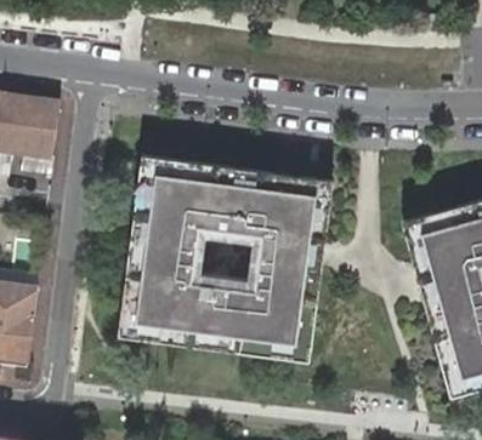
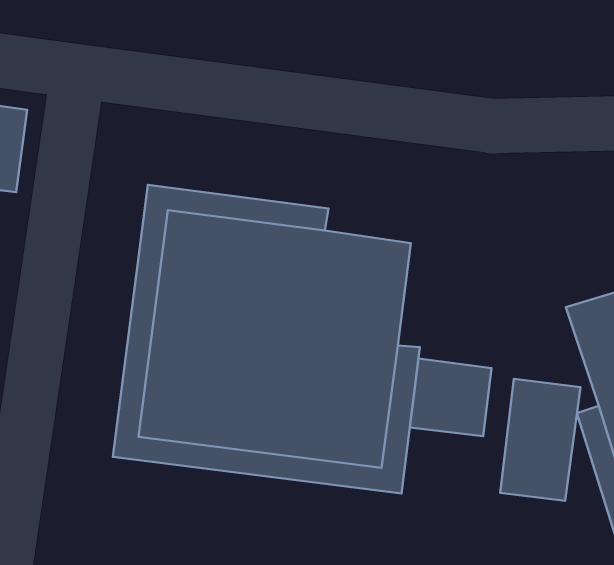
building: none -> [410,358,492,436]
building: none -> [500,379,580,501]

